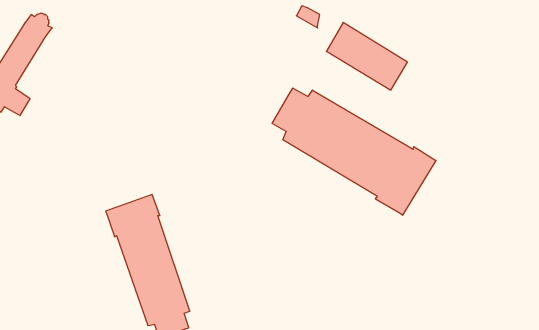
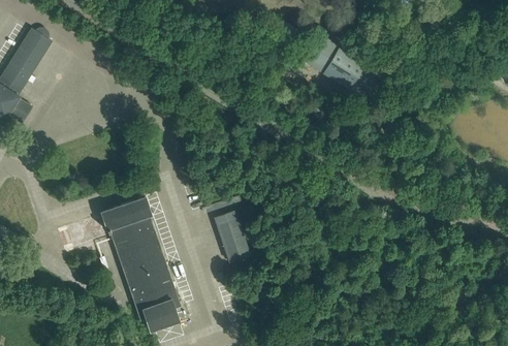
building: [272,88,436,215] -> none
building: none -> [215,212,250,262]

